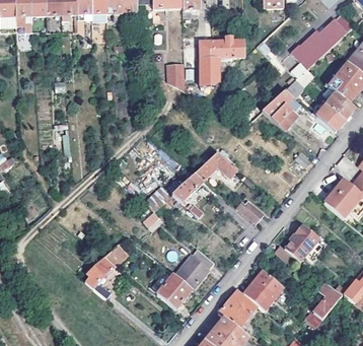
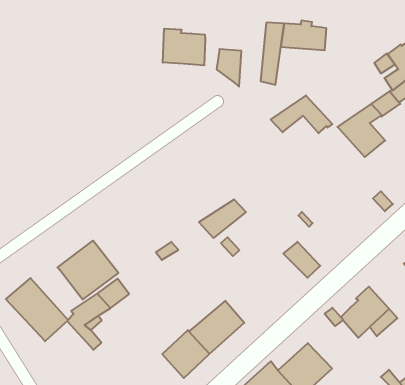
building: none -> [163,29,205,65]
building: [194,152,239,182] -> [271,95,332,133]
building: none -> [57,241,118,300]
building: none -> [6,278,68,341]

